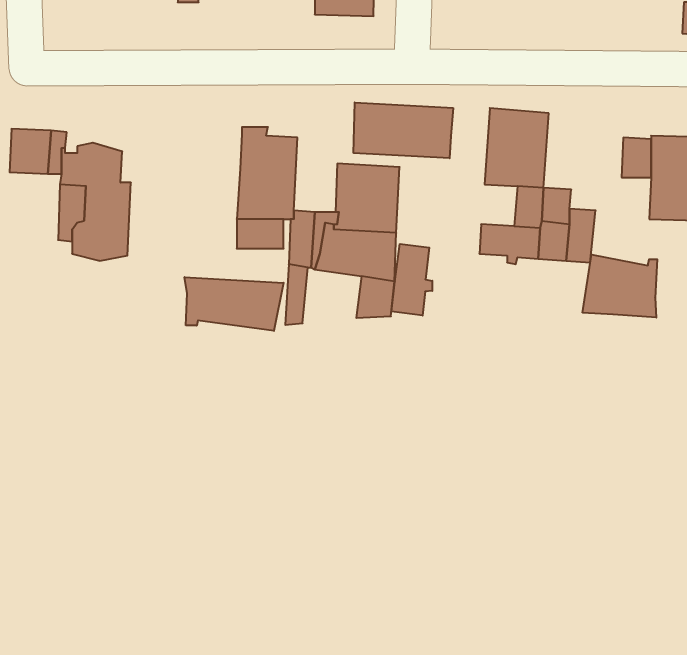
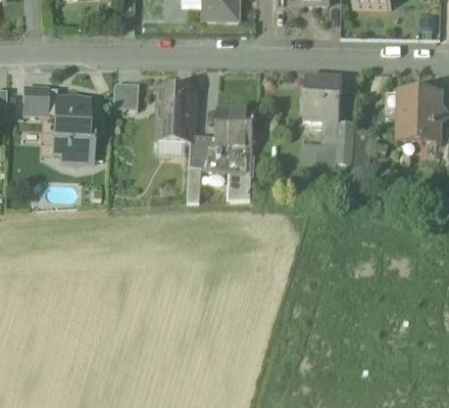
building: [354,102,453,158] -> none
building: none -> [113,81,140,108]
building: [391,244,432,316] -> none
building: [583,254,657,318] -> none
building: [185,277,284,331] -> none

